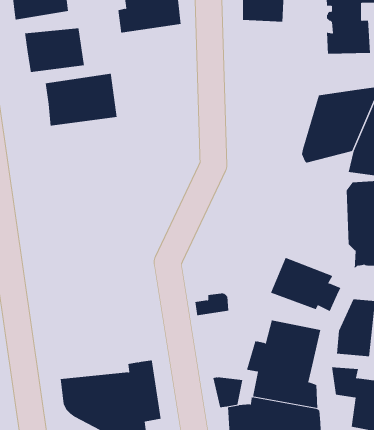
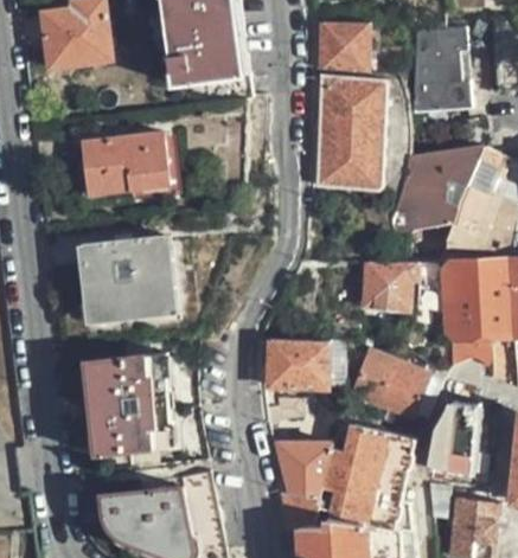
building: none -> [315,77,384,190]
building: [24,27,84,73] -> none
building: none -> [84,238,171,320]
building: none -> [363,262,413,306]
building: none -> [269,341,327,389]
building: none -> [85,355,173,456]
building: none -> [275,442,333,496]

